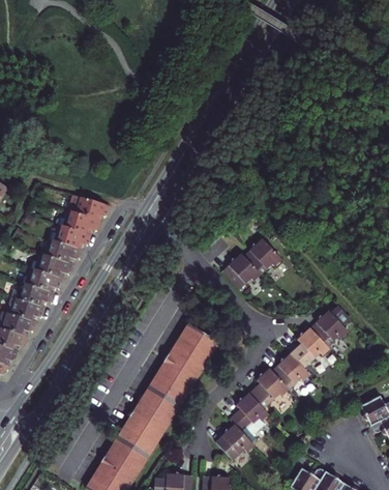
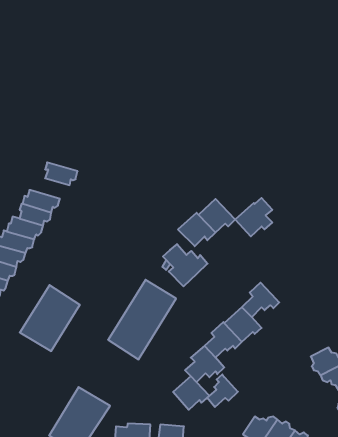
building: [64,214,106,238] -> none
building: none -> [163,244,208,286]
building: [306,304,346,344] -> [235,198,272,236]
building: [115,386,178,456] -> [20,285,80,351]
building: none -> [207,374,238,407]

